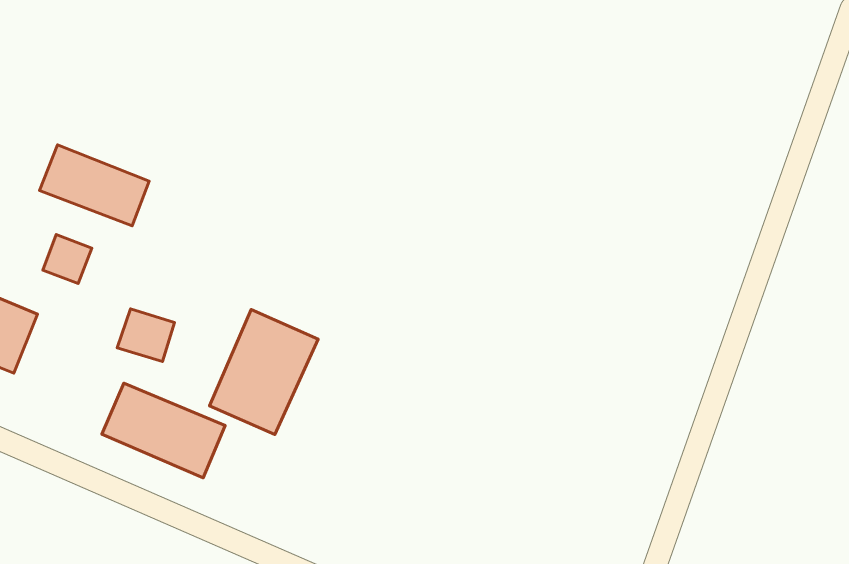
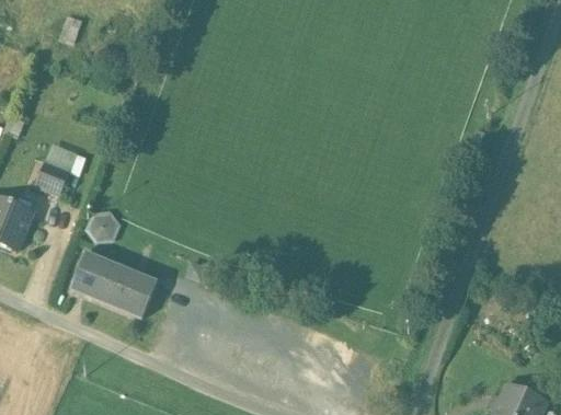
building: [39,145,149,226] -> none
building: [209,309,318,434] -> none

